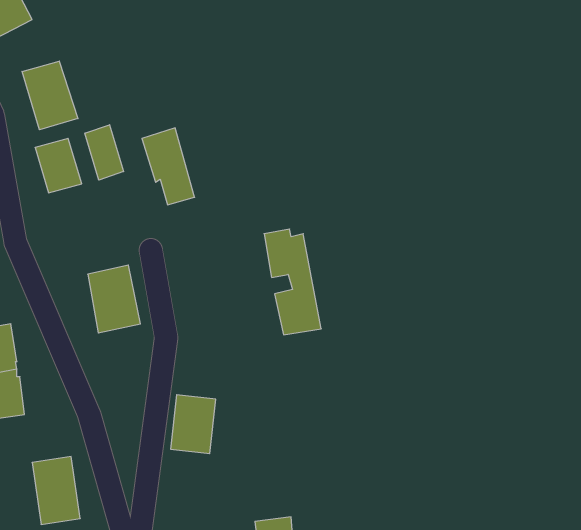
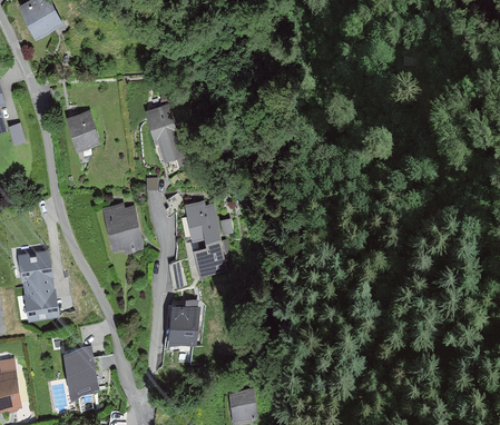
building: [22,61,78,130] -> none
building: [85,125,124,180] -> none
building: [264,229,321,335] -> [185,200,227,278]

